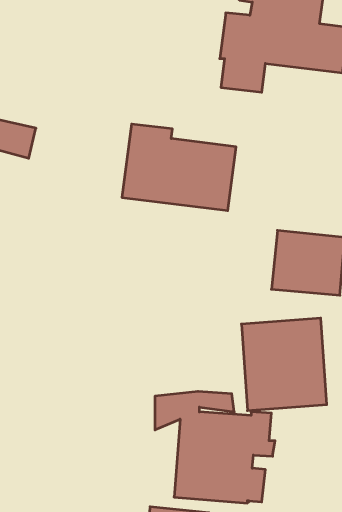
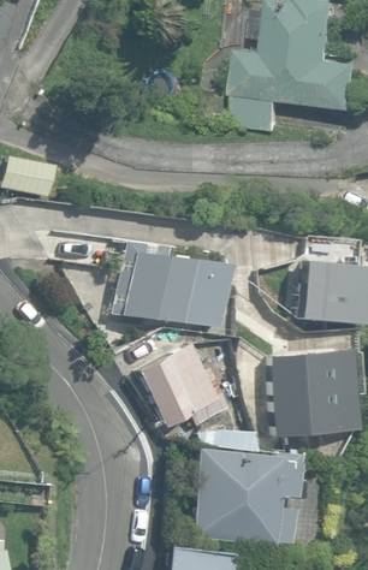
building: [122,124,236,211] -> [107,241,221,327]
building: none -> [129,342,222,426]

